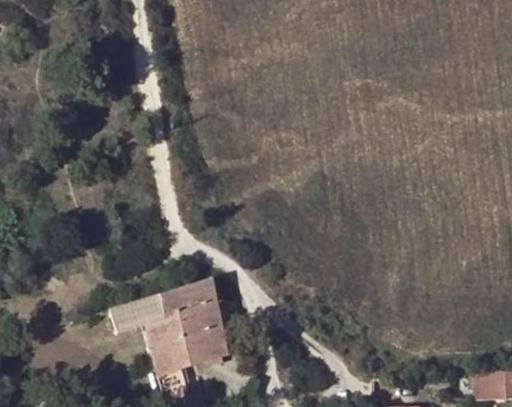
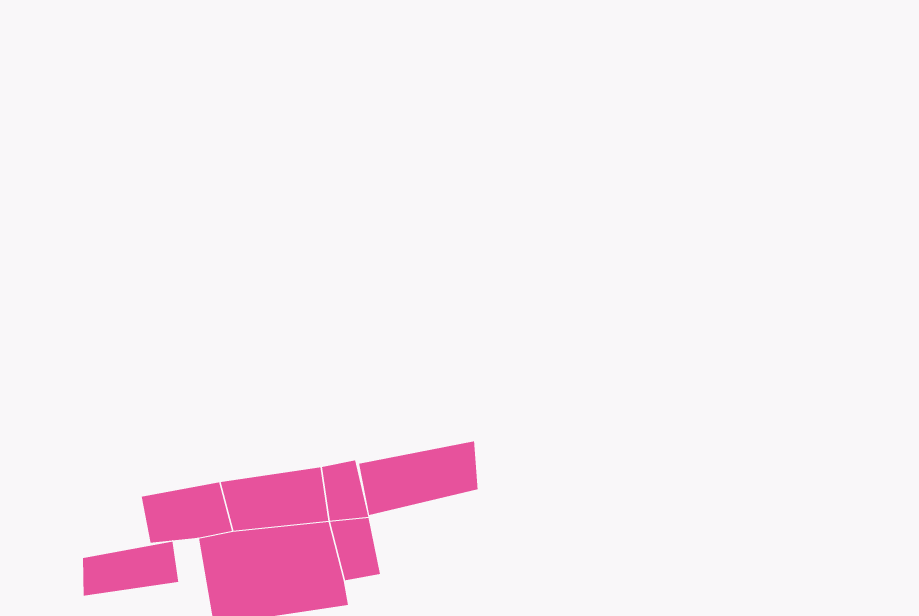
building: none -> [358,440,478,516]
building: none -> [83,541,179,597]

